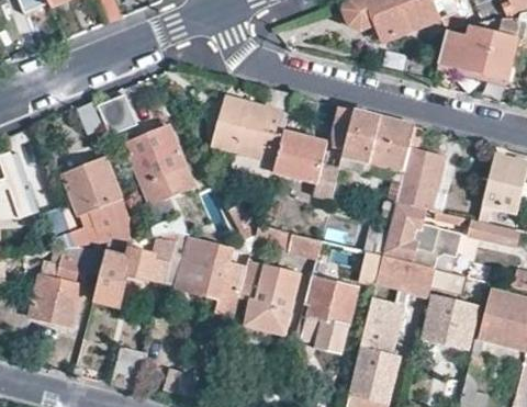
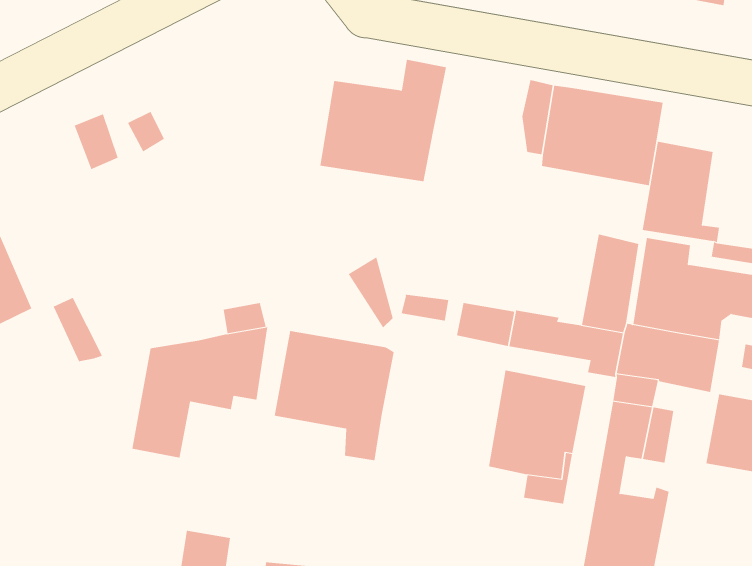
building: [128,129,195,206] -> none
building: [271,134,326,185] -> none
building: [67,165,137,245] -> none
building: [239,258,301,333] -> none
building: [27,260,85,331] -> none

